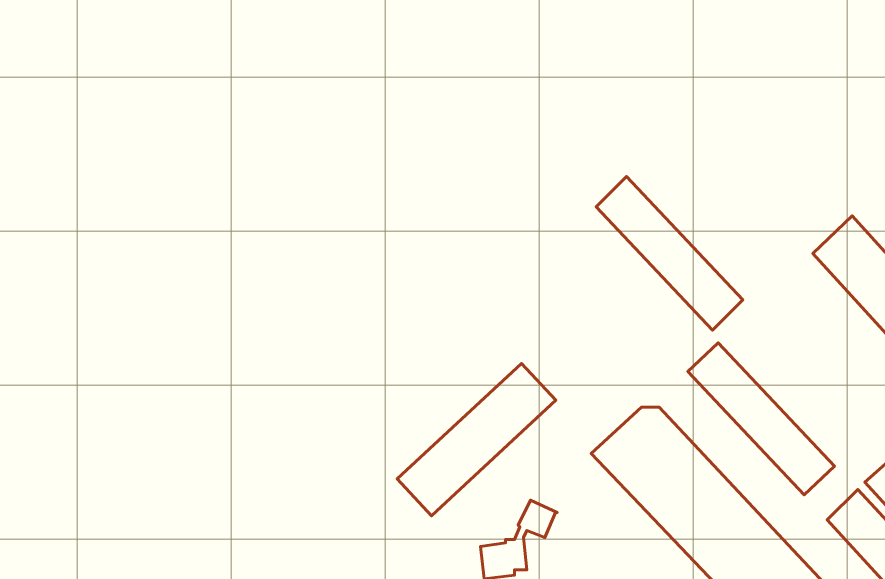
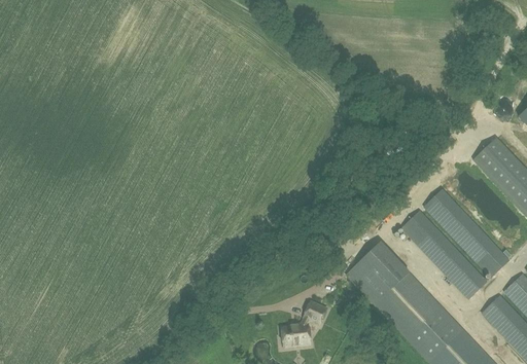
building: [596,177,743,330] -> [424,188,508,277]
building: [397,363,556,516] -> none

